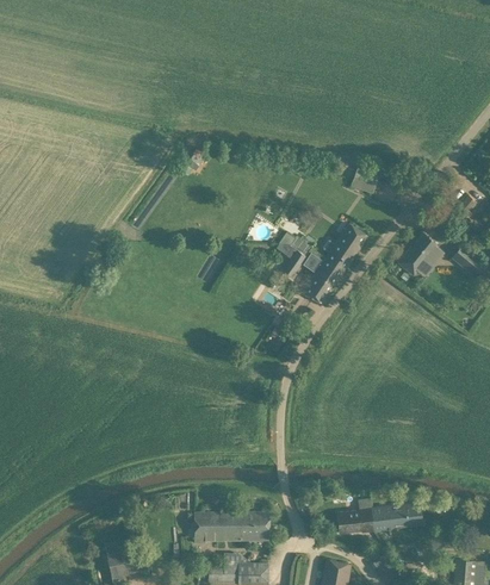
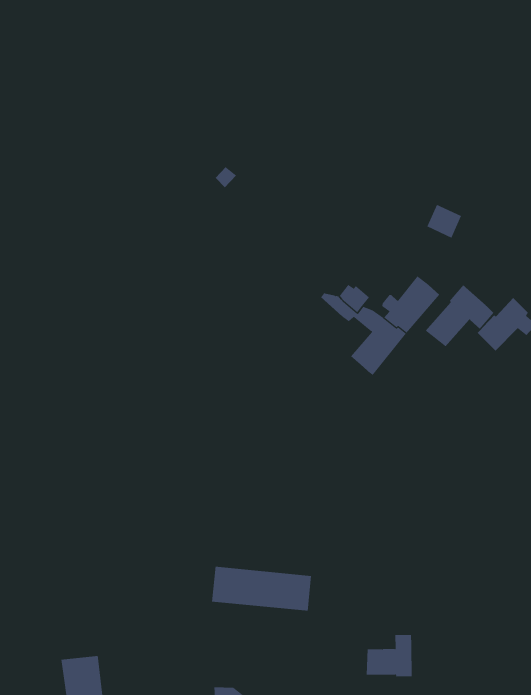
building: none -> [425,285,494,347]
building: [373,503,422,531] -> none
building: [194,512,269,540] -> [211,566,312,611]

